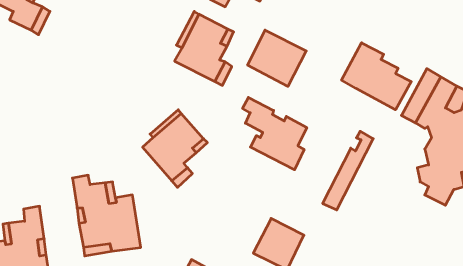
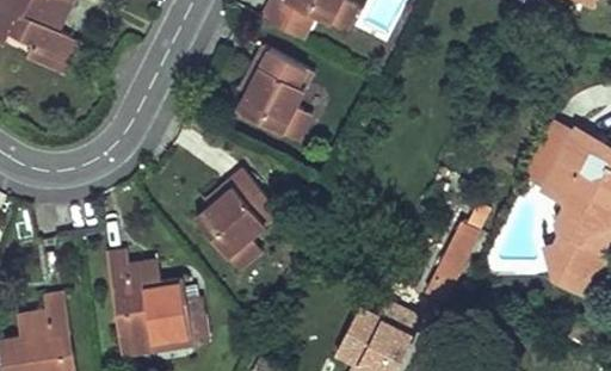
building: [248,30,306,86] -> none
building: [342,43,411,110] -> none
building: [243,97,307,170] -> none

